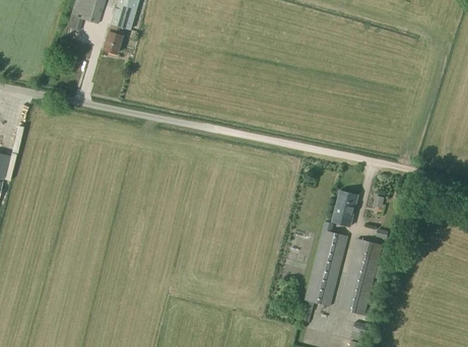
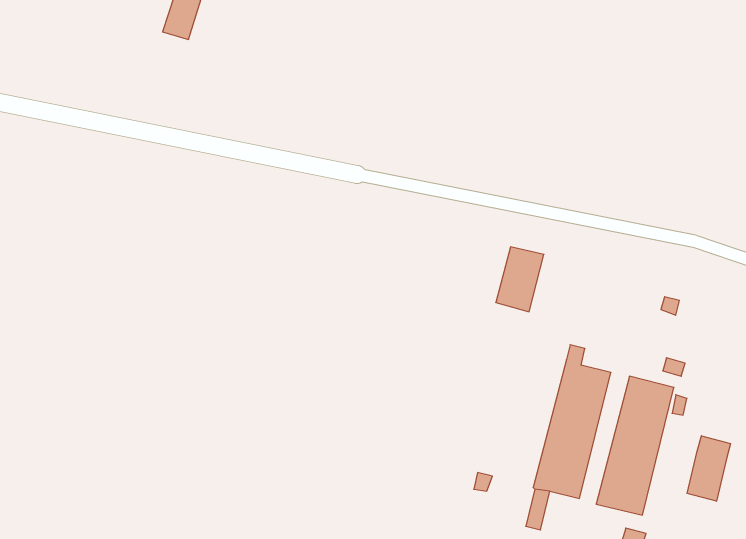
building: [334,190,360,225] -> [496,247,544,312]
building: none -> [687,436,731,501]

